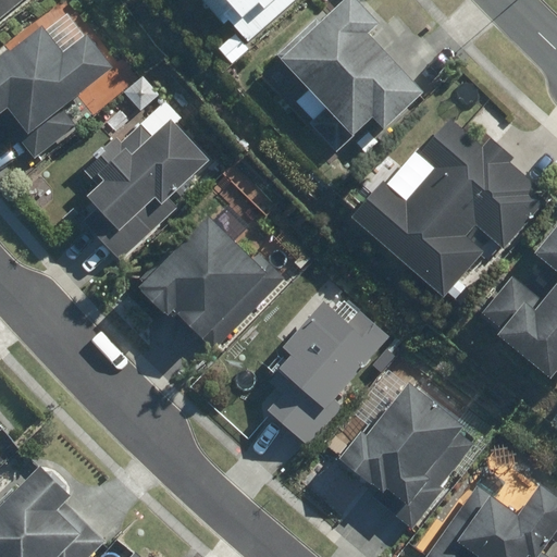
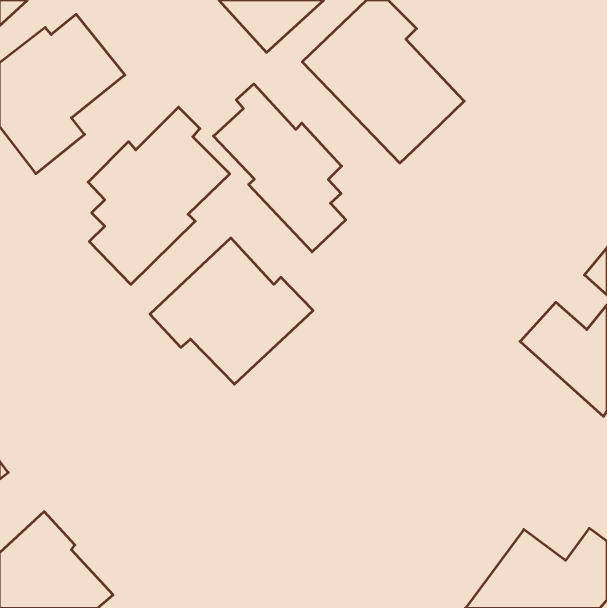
building: none -> [213,84,346,252]
building: [352,117,547,296] -> none
building: [262,286,388,448] -> none
building: [339,374,495,530] -> none

